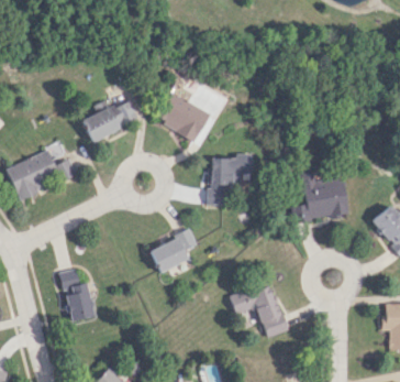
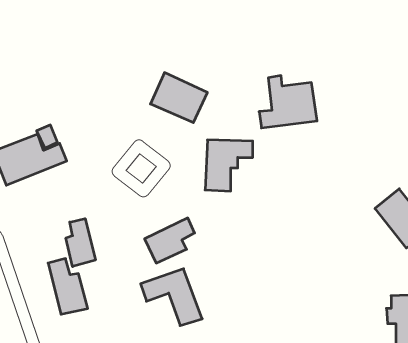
building: [82,100,138,141] -> none
building: [291,172,346,221] -> [259,76,317,128]
building: none -> [66,219,95,267]
building: [230,284,288,338] -> [141,269,202,326]

